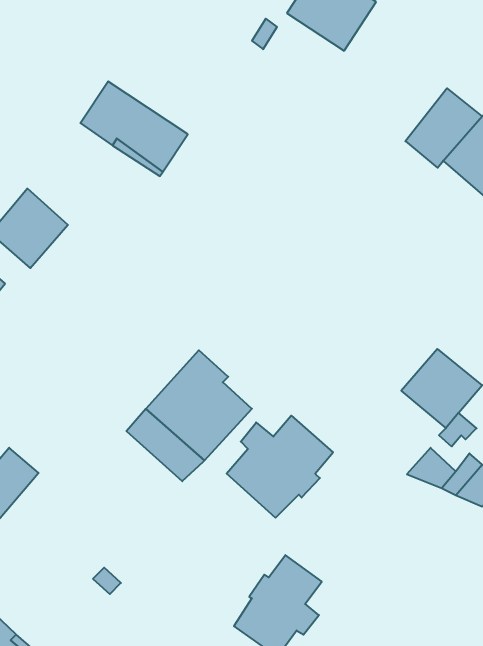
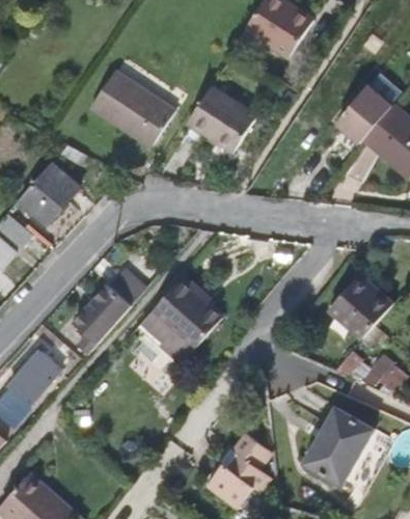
building: none -> [182,86,257,156]
building: none -> [72,272,143,345]
building: [227,416,333,518] -> none
building: none -> [305,411,373,487]

